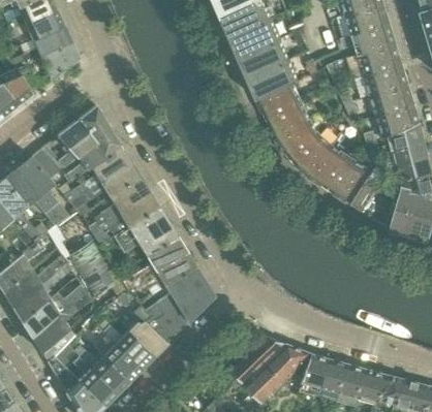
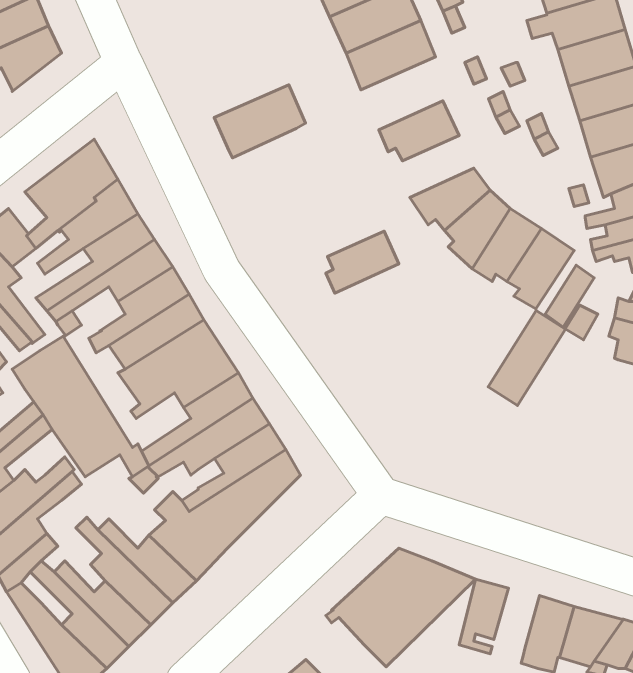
building: [246,59,298,100] -> [214,85,305,158]
building: [269,103,310,138] -> [326,231,399,293]
building: none -> [488,311,566,406]
building: [319,359,347,402] -> none

